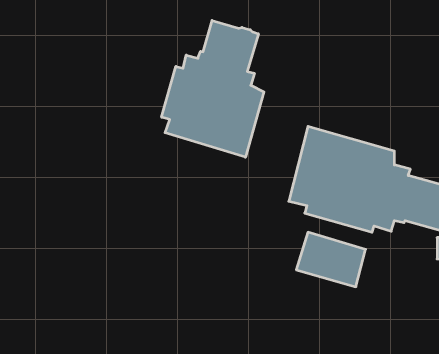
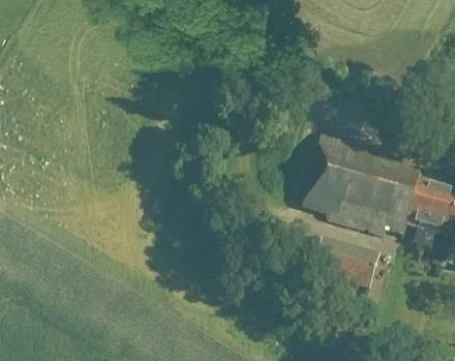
building: [162,20,264,157] -> none

